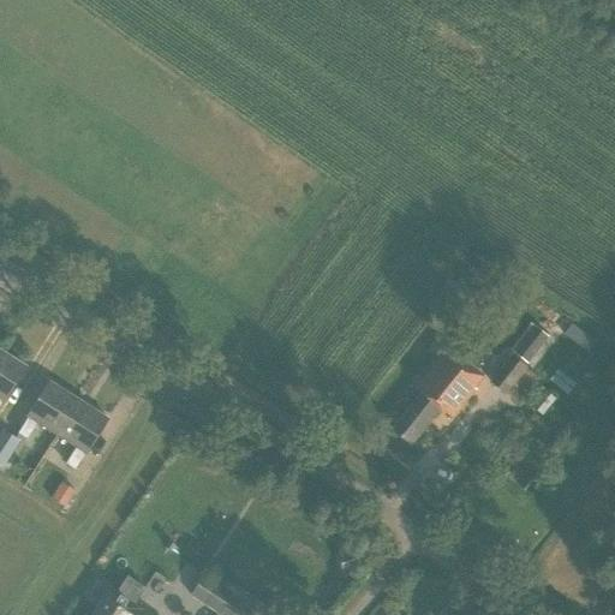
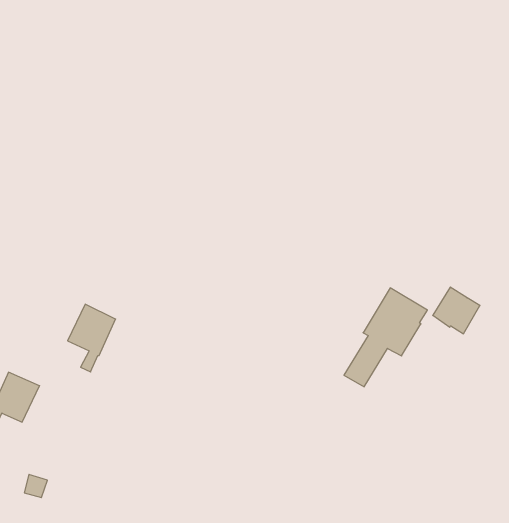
building: [513,322,549,363] -> none
building: [58,400,109,470] -> [68,304,116,372]

